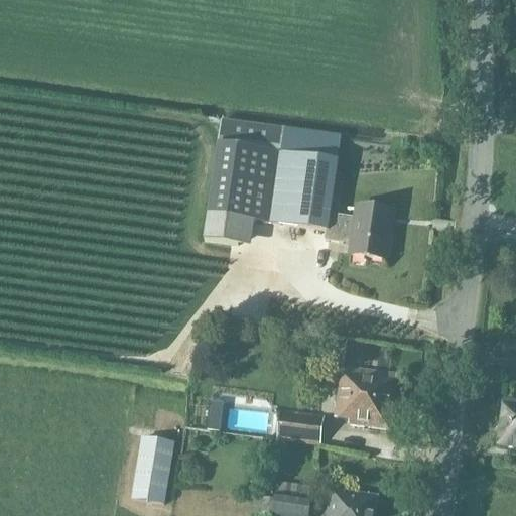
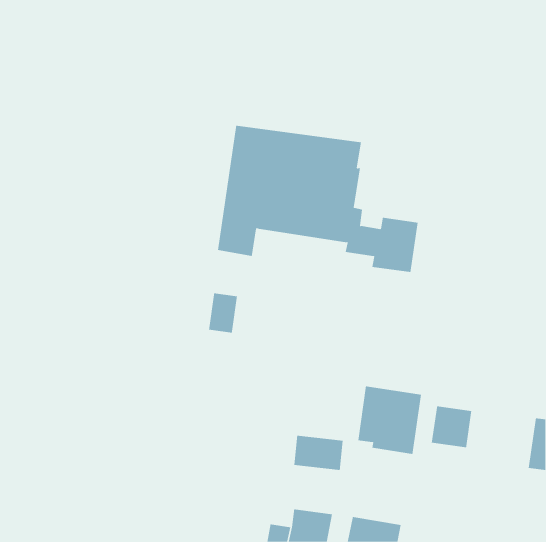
building: none -> [209,293,237,334]
building: none -> [431,405,472,448]
building: [131,436,173,502] -> none

